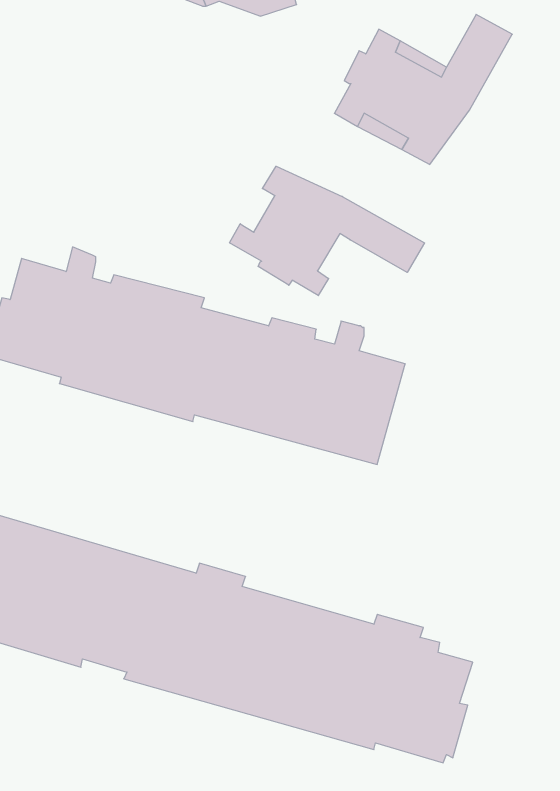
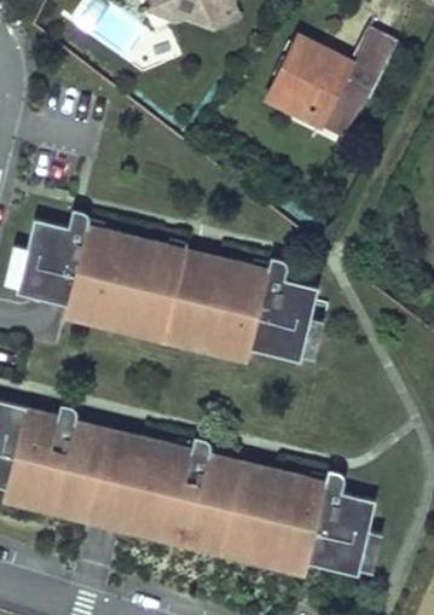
building: [230,166,425,296] -> none

